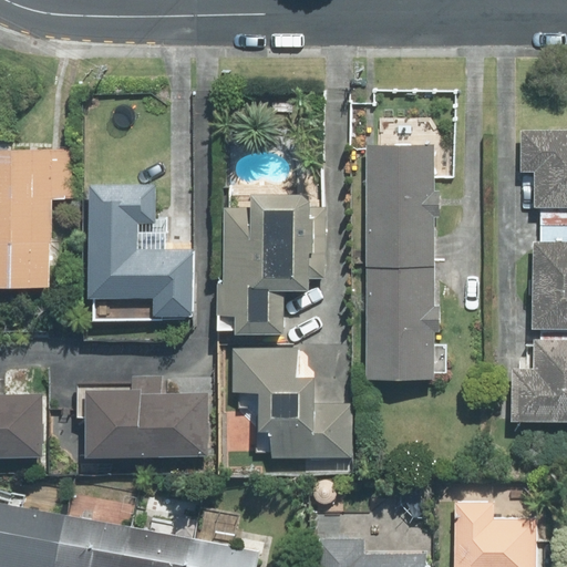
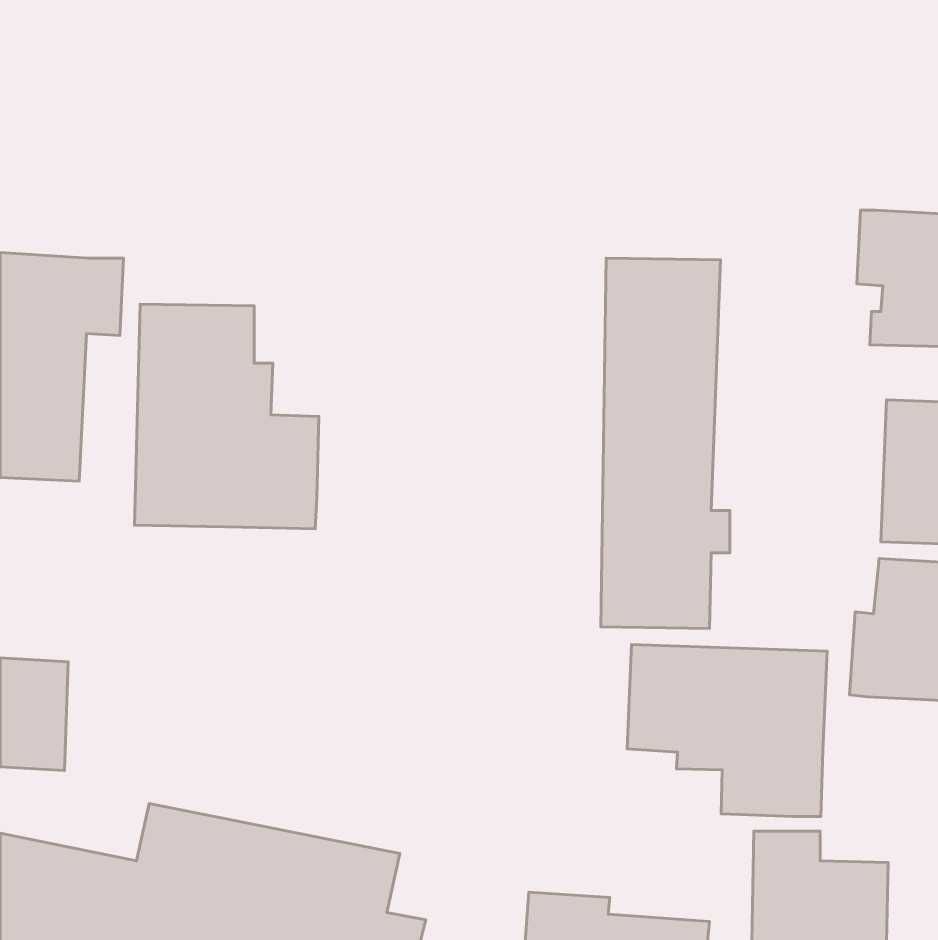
building: [218,190,310,333] -> none
building: [233,318,355,461] -> none
building: [81,377,210,461] -> none
building: none -> [627,645,827,816]

